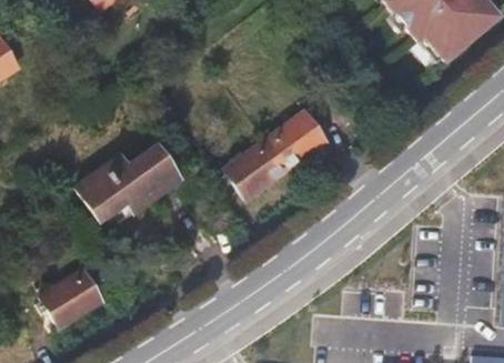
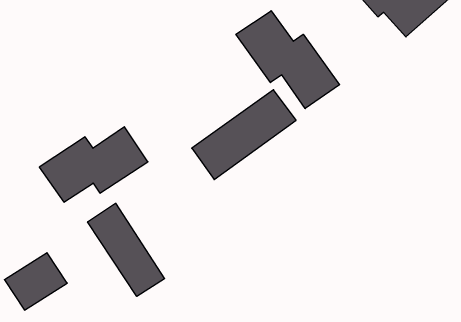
building: none -> [236,11,340,109]
building: none -> [88,203,165,296]

